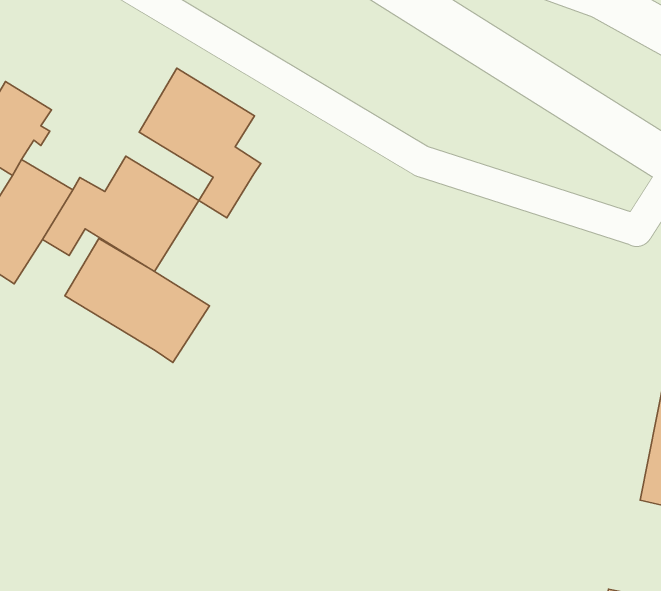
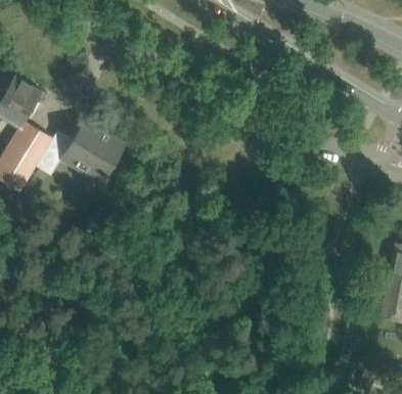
building: [139,68,261,218] -> none
building: [65,238,210,362] -> none

